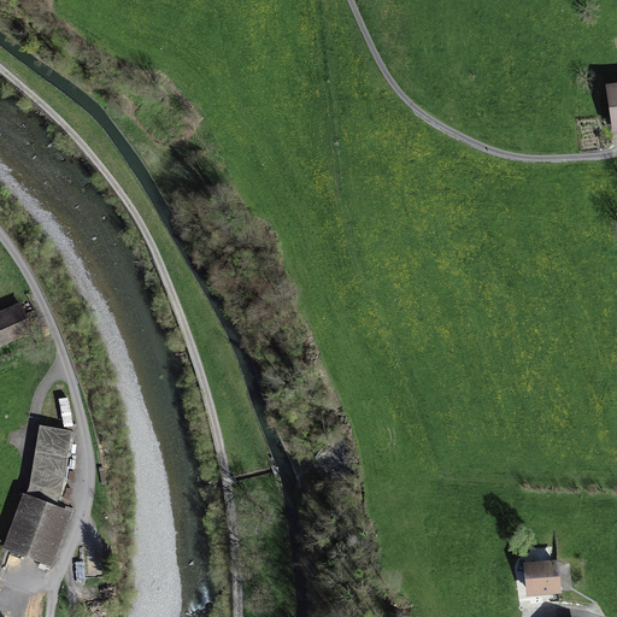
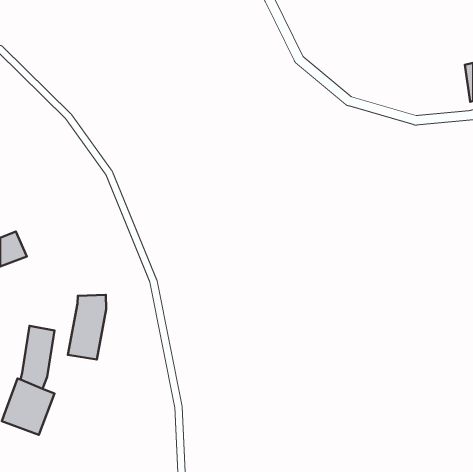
building: none -> [68,295,106,360]
building: [523,559,562,597] -> none

